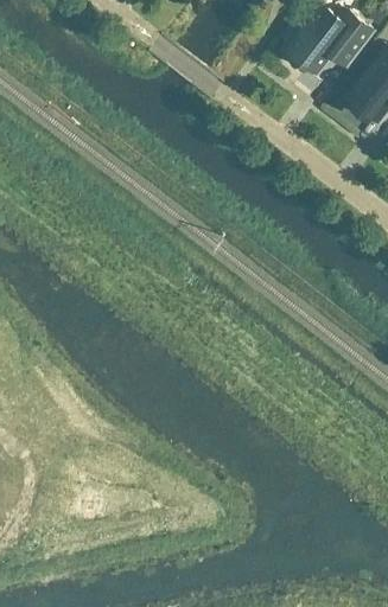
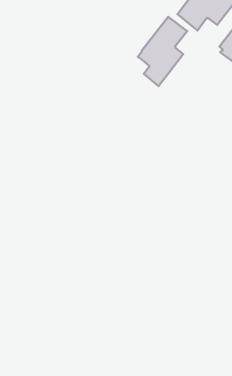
building: none -> [138,17,187,86]

